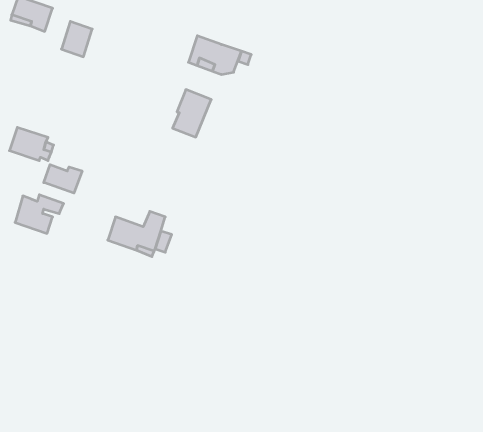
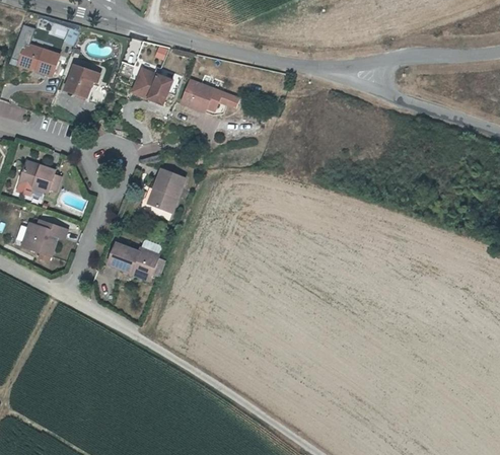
building: none -> [132,67,171,101]
building: [173,90,211,137] -> [149,168,185,212]
building: [44,165,82,193] -> none

